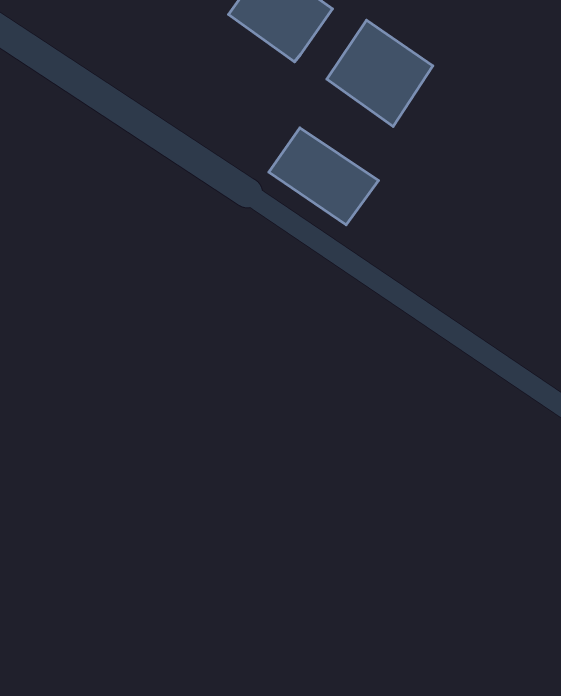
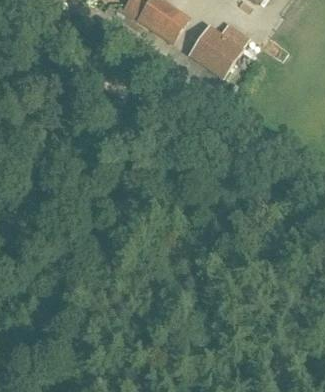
building: [269,128,379,225] -> none

